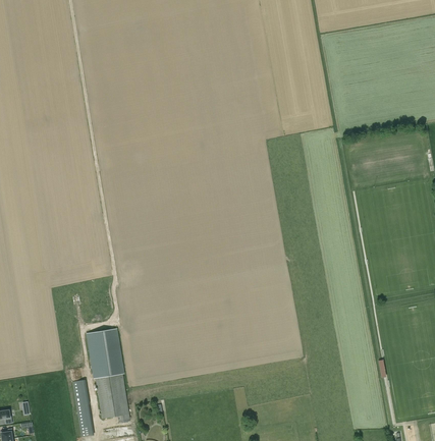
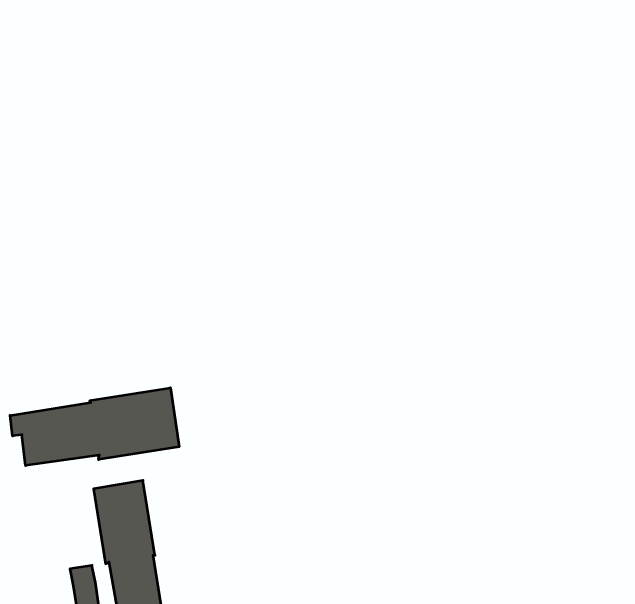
building: none -> [10,388,179,466]

